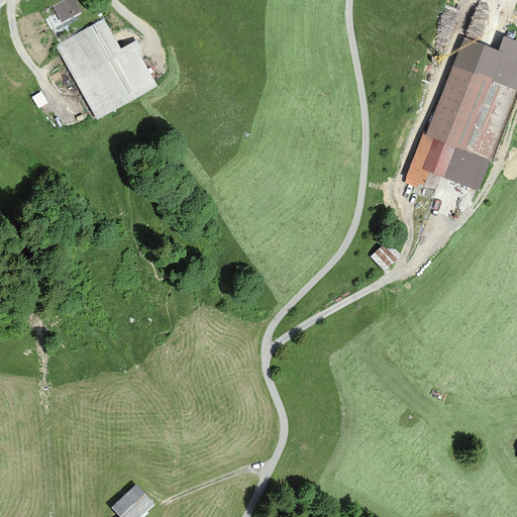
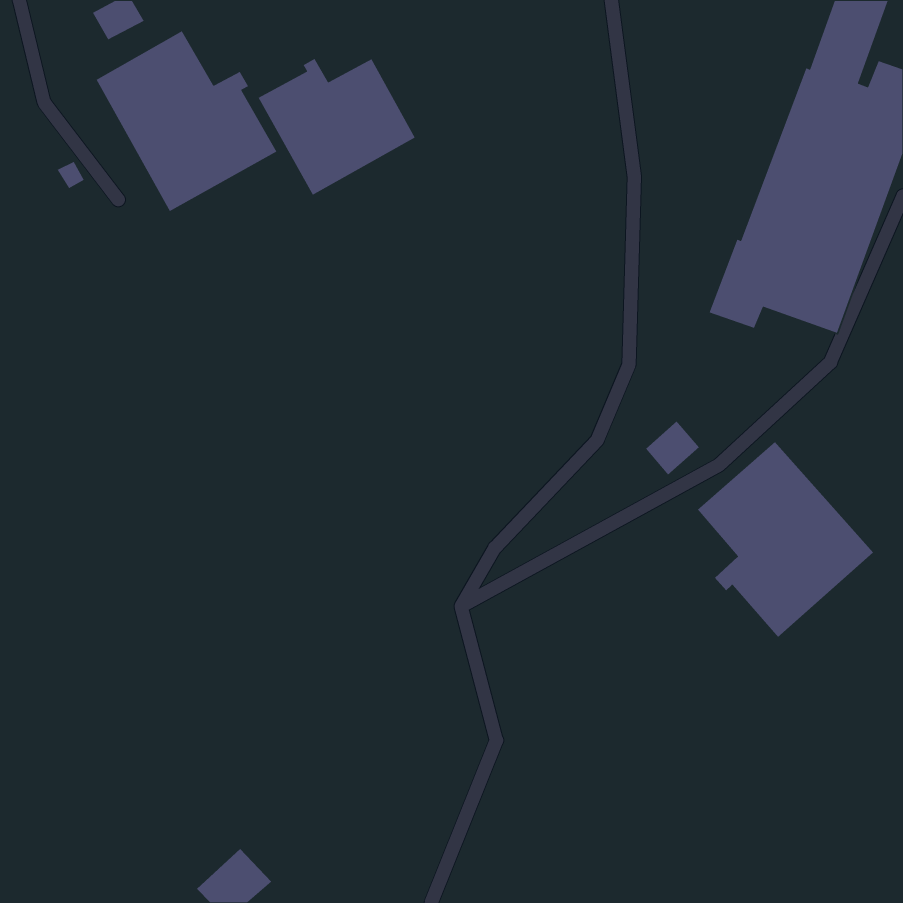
building: none -> [257,58,416,196]
building: none -> [697,441,874,638]

